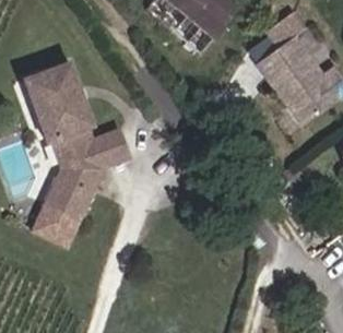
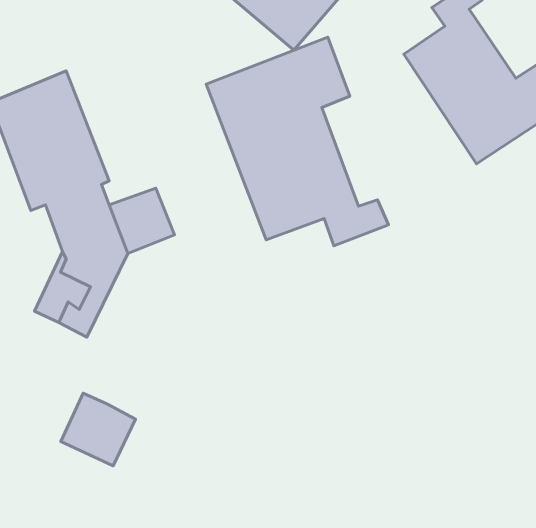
building: none -> [206,37,388,246]
building: [34,202,78,245] -> [61,393,136,466]

